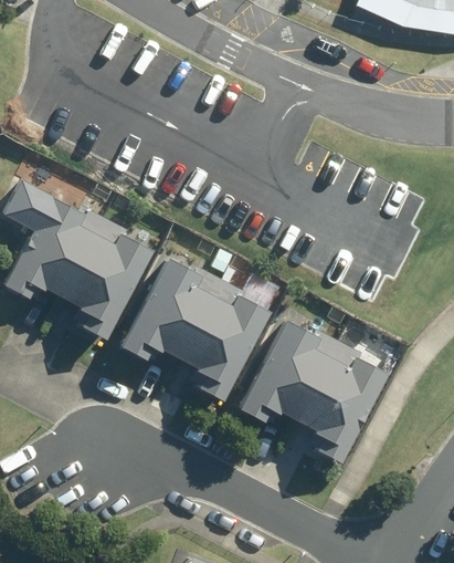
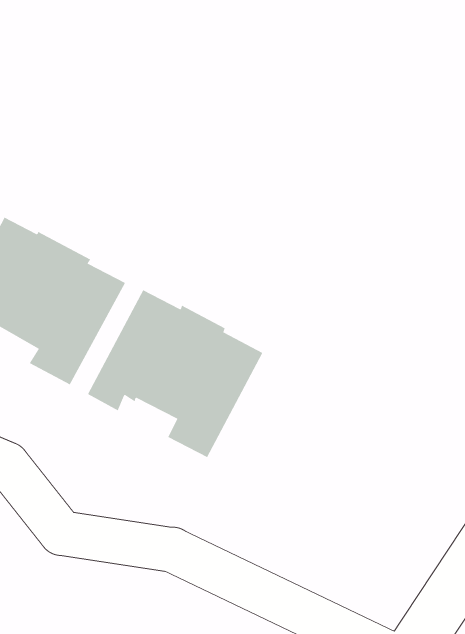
building: [237,319,389,463] -> none

